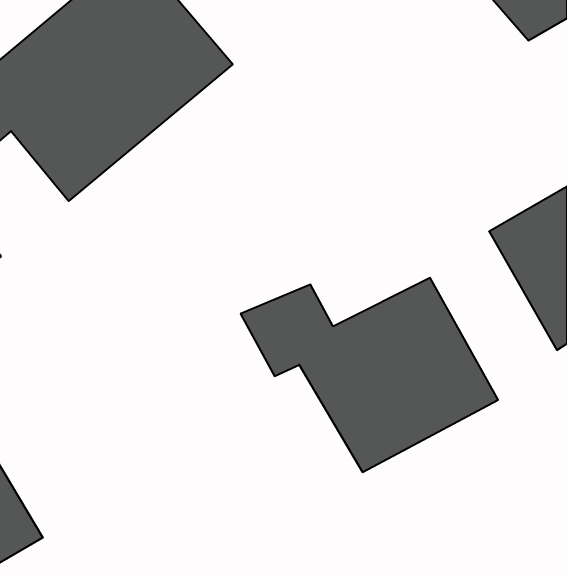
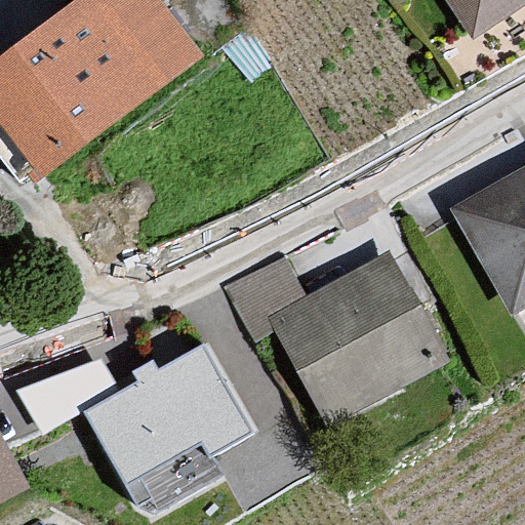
building: none -> [66,337,268,493]

